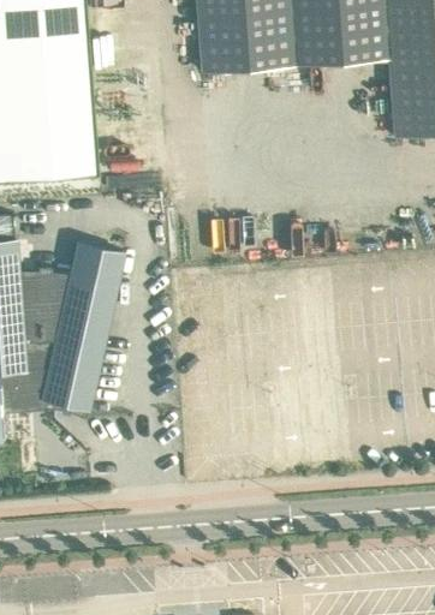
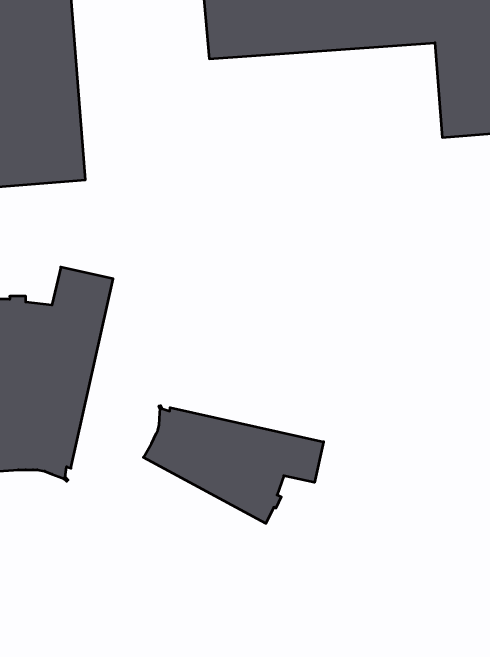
building: none -> [143,406,324,523]

